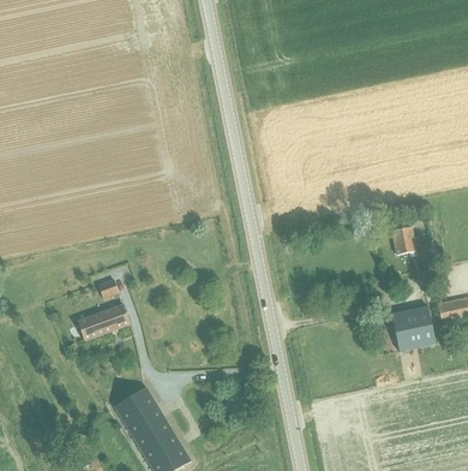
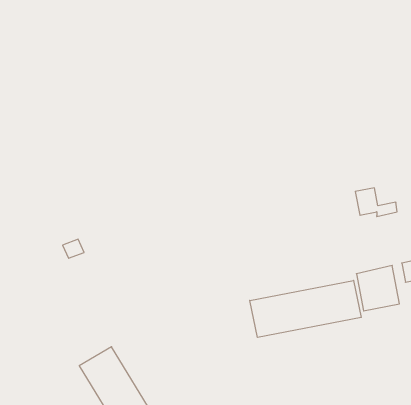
building: [76,303,128,339] -> none
building: none -> [250,280,361,337]

